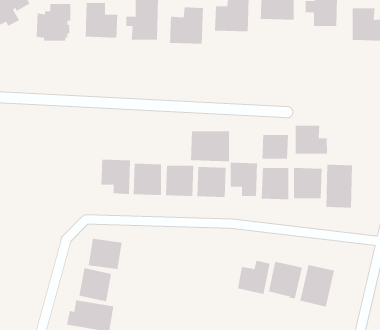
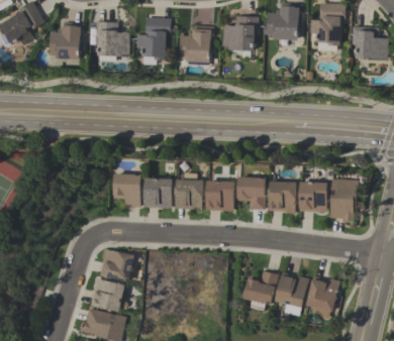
building: [295,125,328,155] -> none
building: [191,130,230,162] -> none
building: [262,134,289,160] -> none

